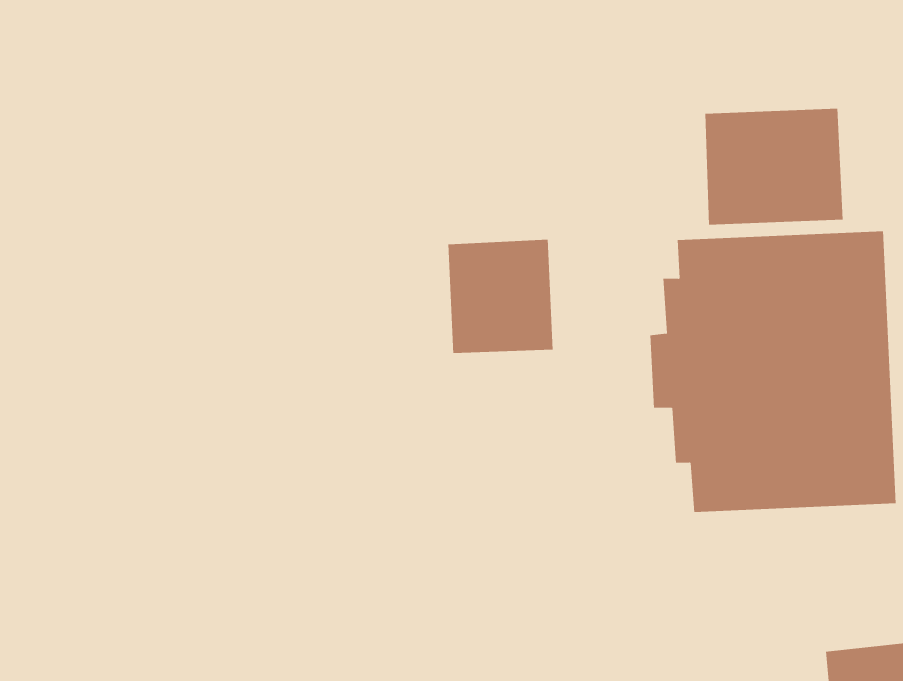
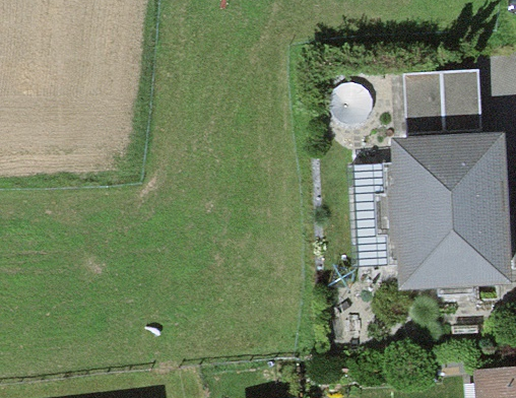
building: [448,239,553,354] -> none

